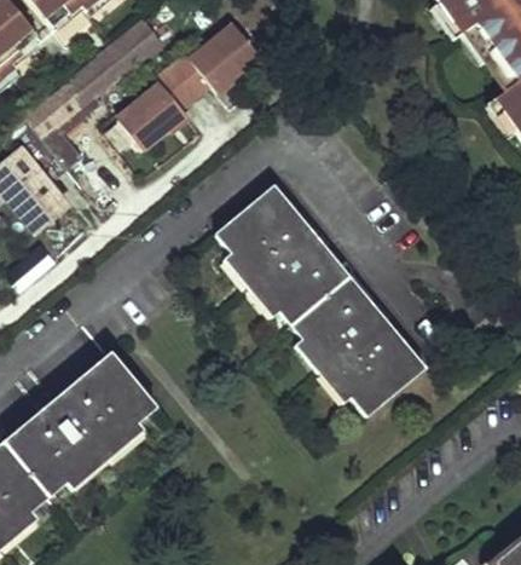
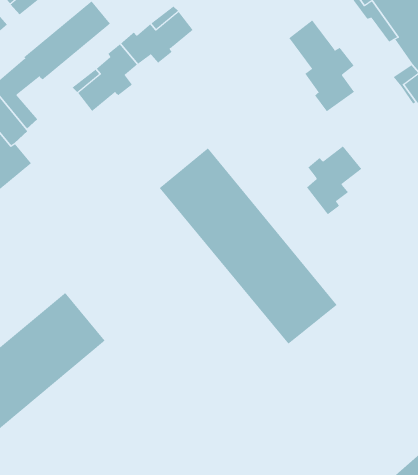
building: none -> [289,19,355,112]
building: none -> [306,145,362,215]

